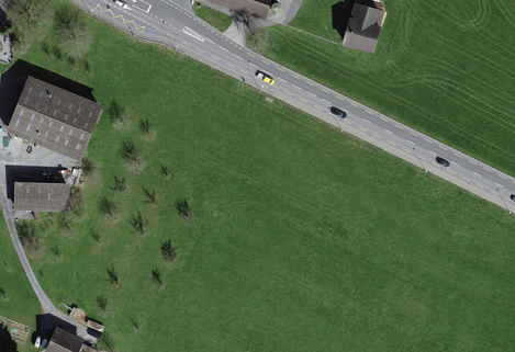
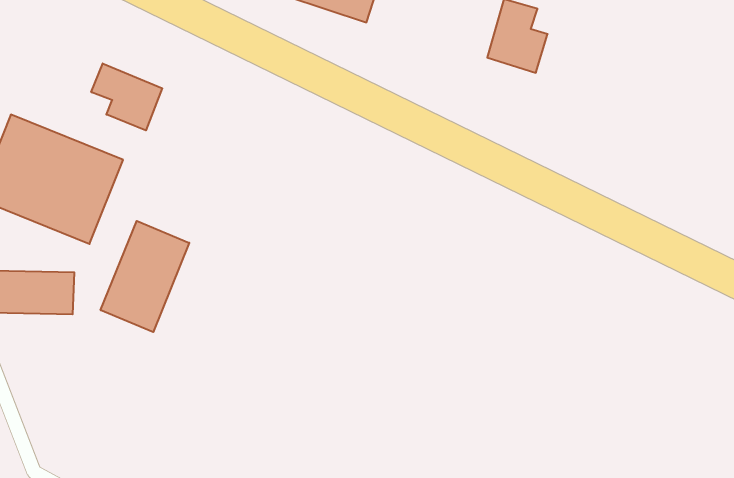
building: none -> [91,63,162,130]
building: none -> [101,221,189,332]

